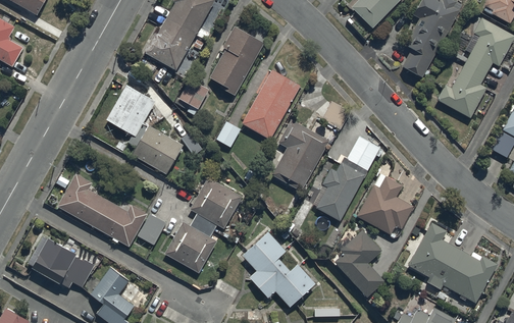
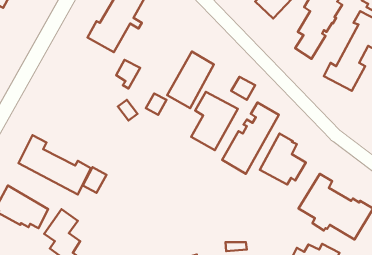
building: [208,26,264,96] -> none
building: [106,85,184,175] -> none
building: [164,177,242,272] -> none
building: [333,229,384,299] -> none
building: [242,231,315,307] -> none

